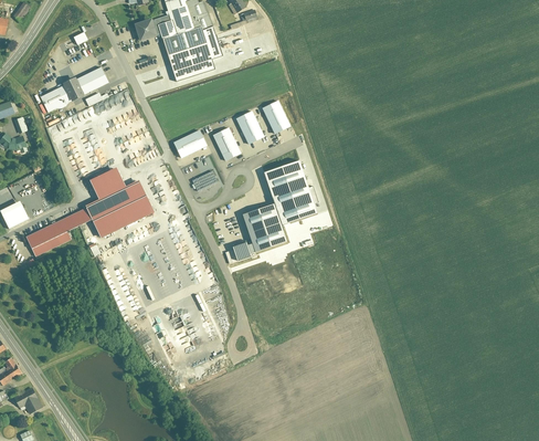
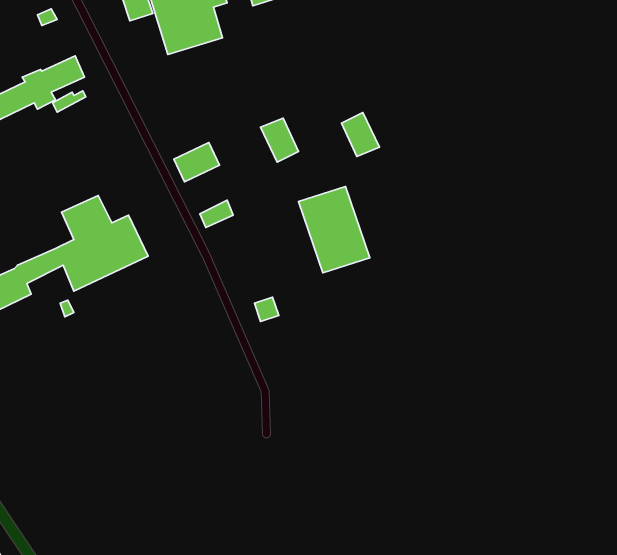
building: [262,101,289,133] -> [342,112,380,156]
building: [213,127,241,159] -> none
building: [242,204,286,252] -> none

